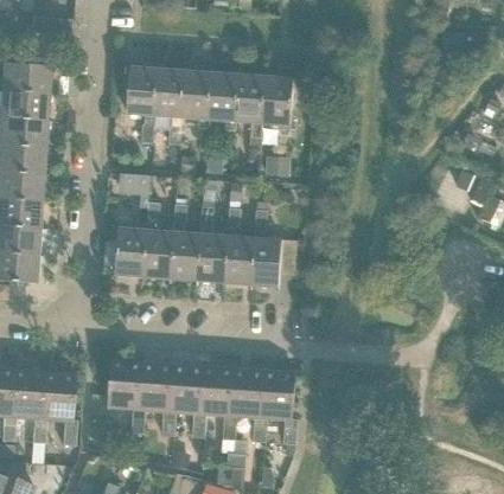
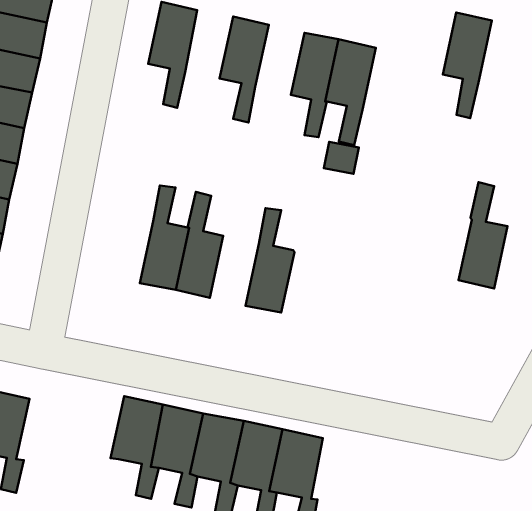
building: [155,69,185,145] -> none
building: [209,72,240,149] -> [443,12,492,118]
building: [116,200,147,277] -> none
building: [197,206,228,283] -> none
building: [251,210,282,287] -> [459,182,508,288]
building: [109,360,146,434] -> none

